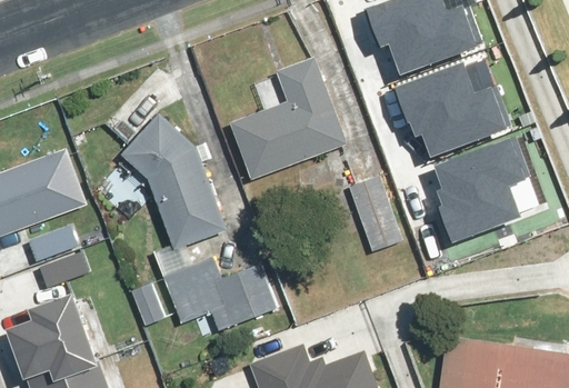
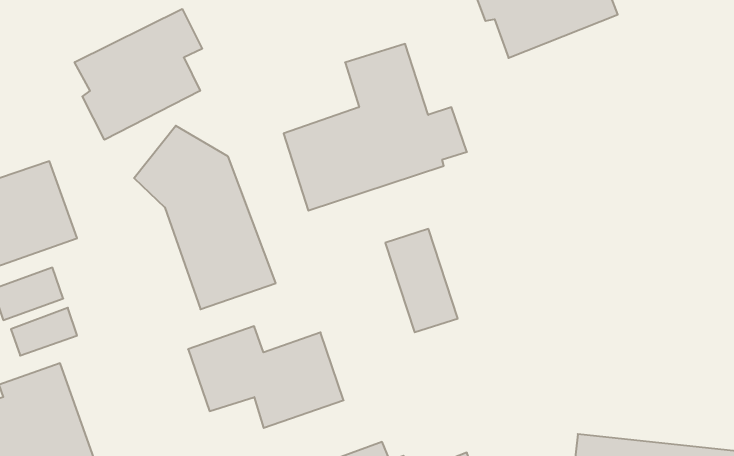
building: none -> [75,9,202,140]
building: [392,58,508,155] -> none
building: [431,135,523,235] -> none
building: [347,178,399,252] -> [385,229,458,332]

